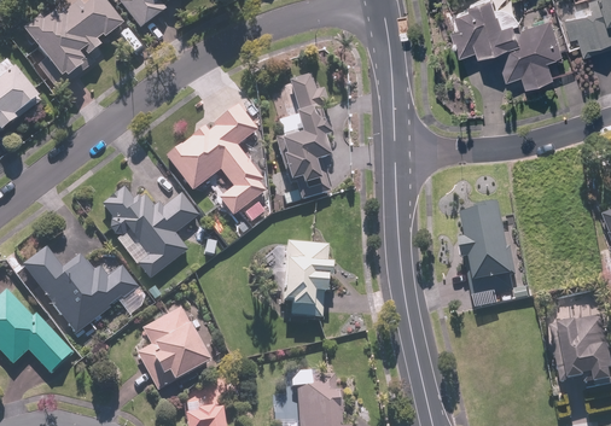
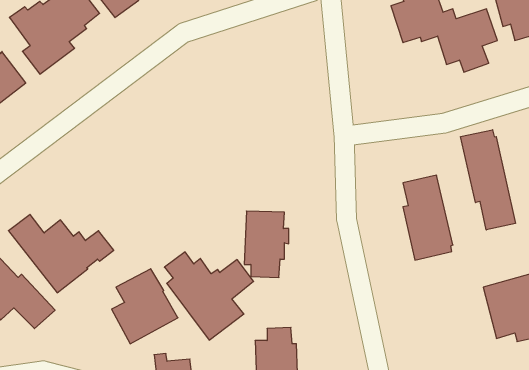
building: [269,74,331,202] -> none
building: [165,77,264,223] -> none
building: none -> [461,130,515,230]
building: [100,182,199,280] -> [164,252,254,340]

